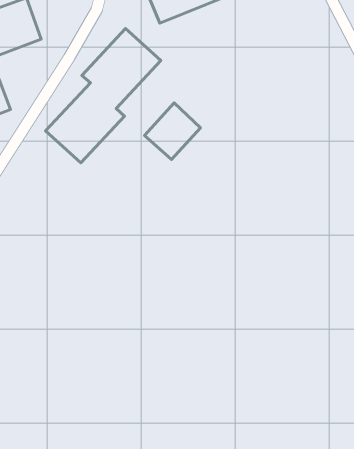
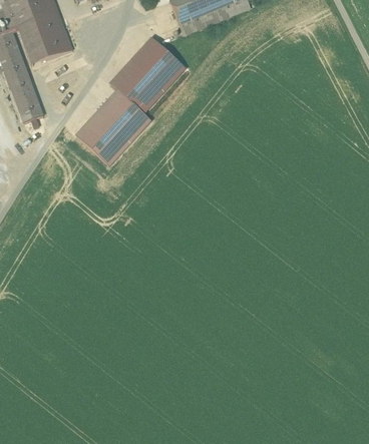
building: [145,103,201,159] -> none

